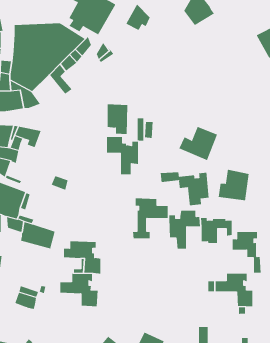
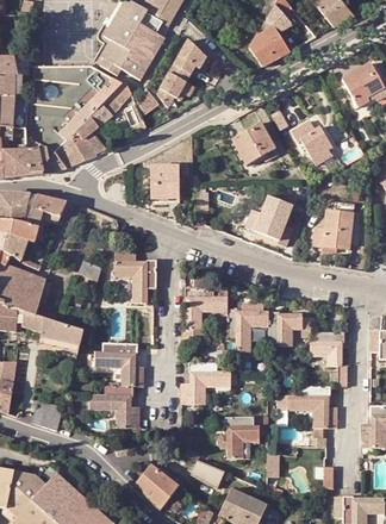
building: none -> [157,66,194,108]
building: none -> [287,123,328,166]
building: none -> [229,124,273,166]
building: none -> [55,131,96,168]
building: [106,137,139,175] -> [116,252,157,301]
building: [218,169,250,201] -> [311,210,351,250]
building: [160,172,209,206] -> none
building: none -> [181,360,230,403]
building: none -> [217,417,257,457]

